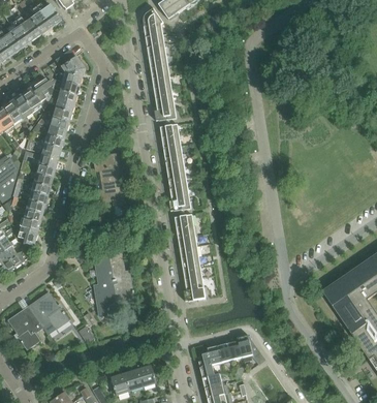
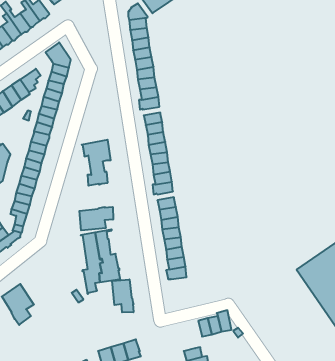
building: none -> [79,207,113,230]
building: [29,292,69,329] -> none
building: none -> [112,279,133,312]
building: [199,345,222,377] -> none

